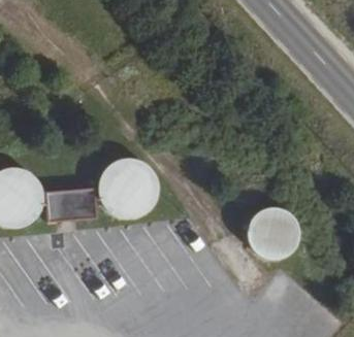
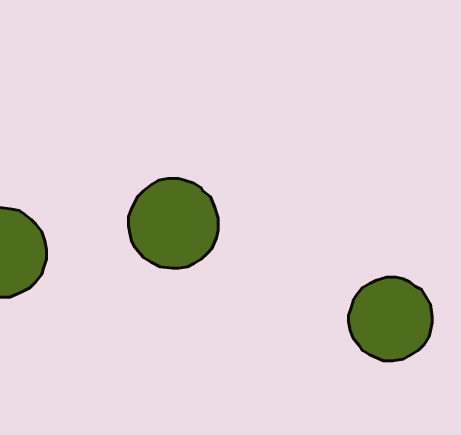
building: [47,188,101,225] -> none

